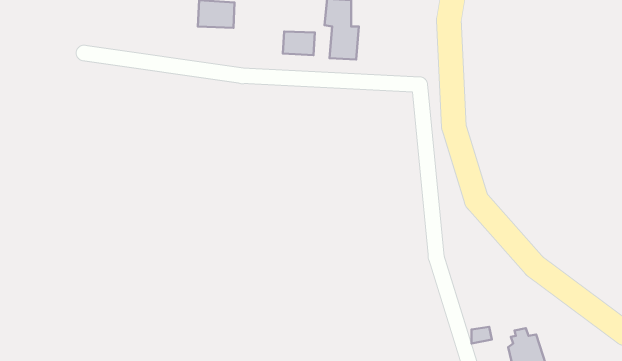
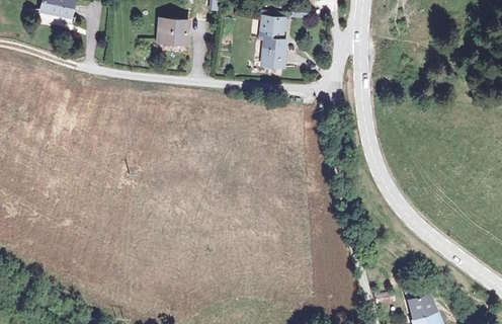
building: [283,32,315,55] -> none

